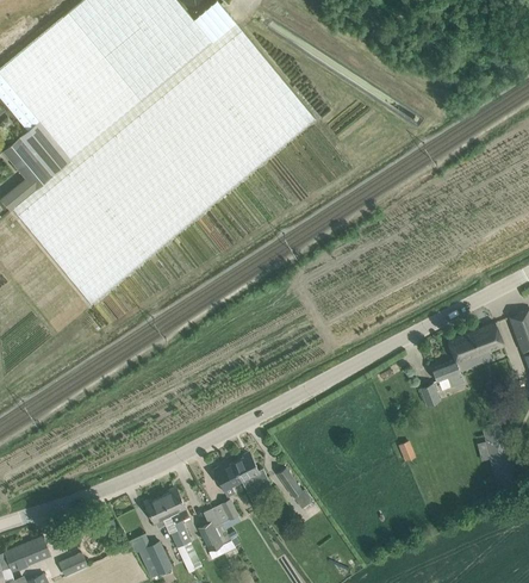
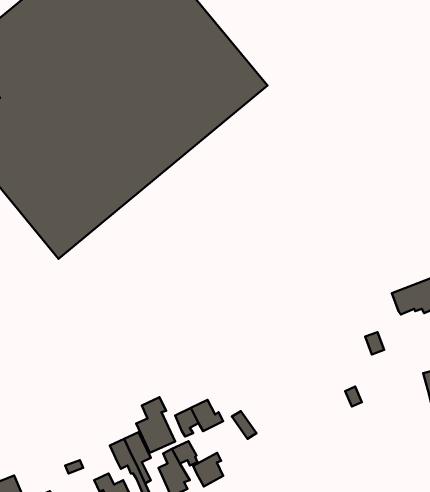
building: [431,360,465,387] -> none
building: none -> [136,397,175,453]
building: none -> [193,453,223,487]

